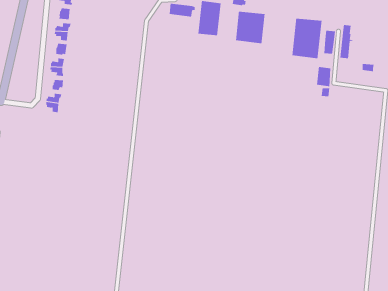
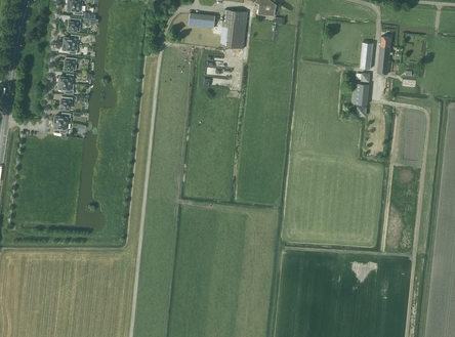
building: [235,11,265,44] -> none
building: [292,18,322,59] -> none

